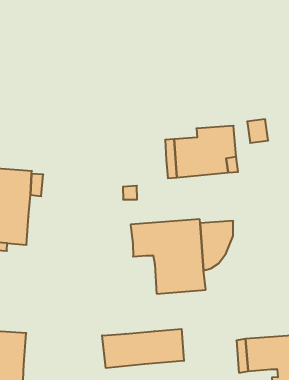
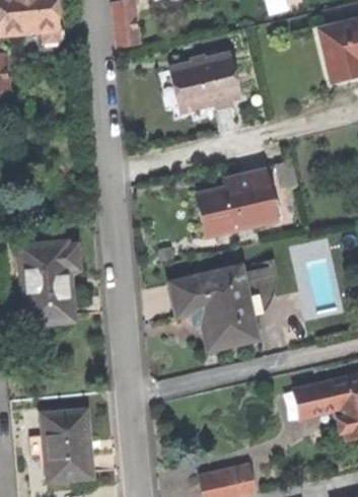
building: none -> [176,56,240,109]
building: [102,329,184,368] -> none

